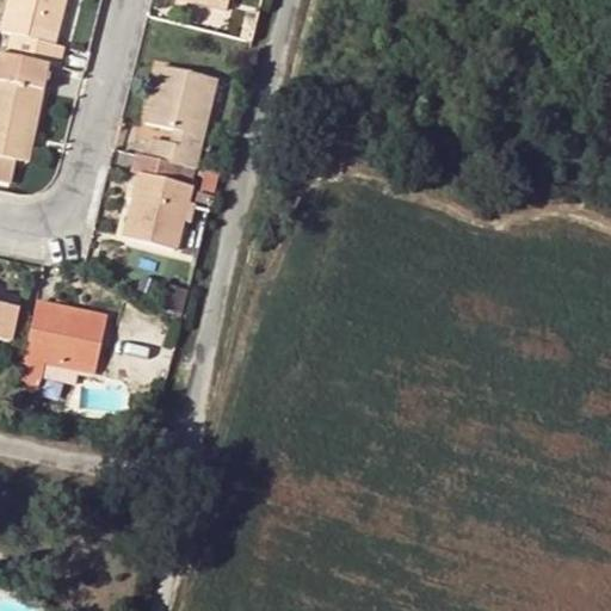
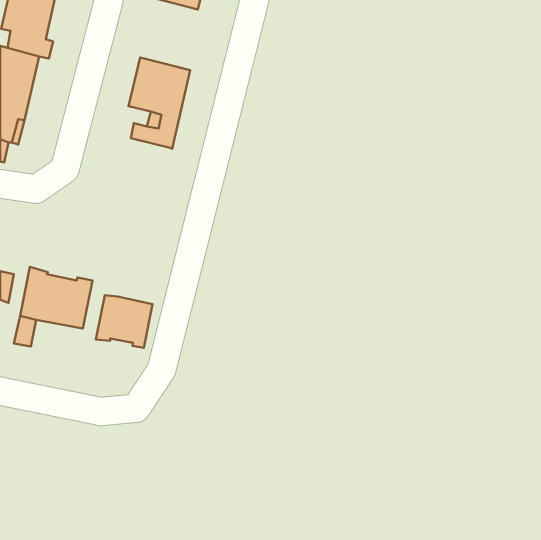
building: [125,153,193,247] -> none
building: none -> [96,295,152,348]

